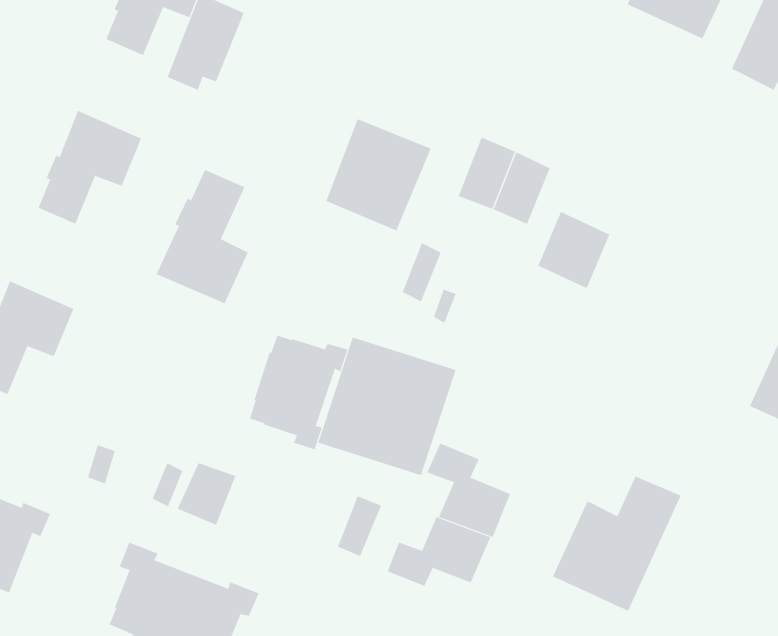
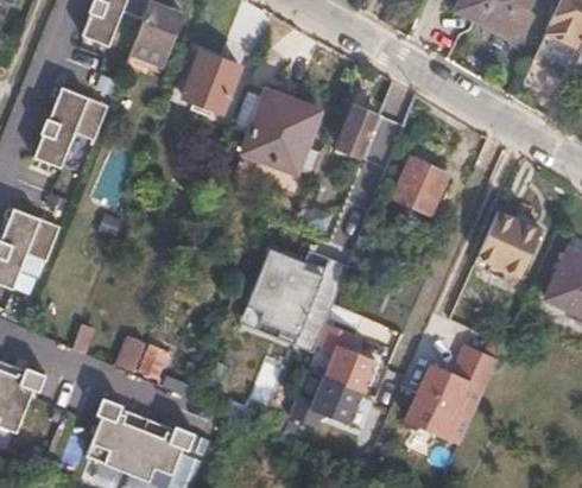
building: none -> [185,51,240,112]
building: [156,169,249,304] -> none
building: none -> [475,211,539,279]
building: [249,335,348,450] -> none

